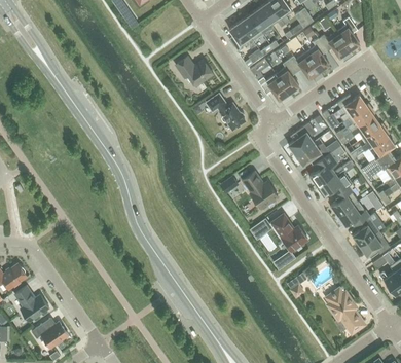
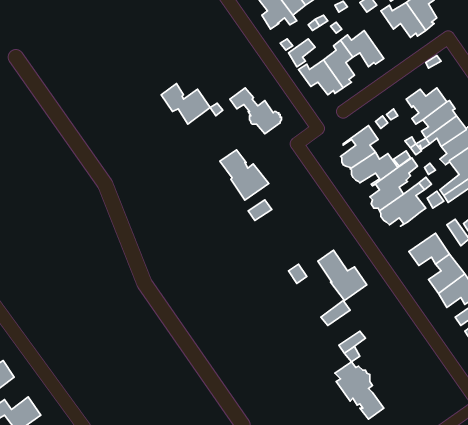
building: [305,38,329,73] -> none
building: [176,57,212,86] -> [161,84,210,124]
building: [242,172,278,209] -> [220,150,269,200]
building: [330,186,358,215] -> none
building: [327,290,363,332] -> [335,362,384,419]

